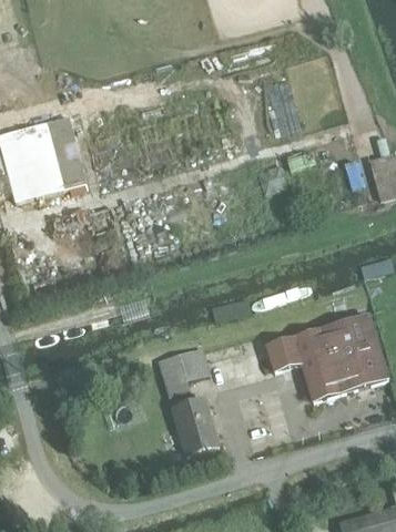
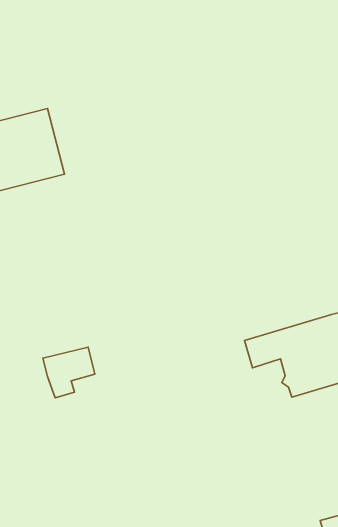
building: [160,347,211,397] -> [43,347,95,398]
building: [172,397,219,453] -> none

